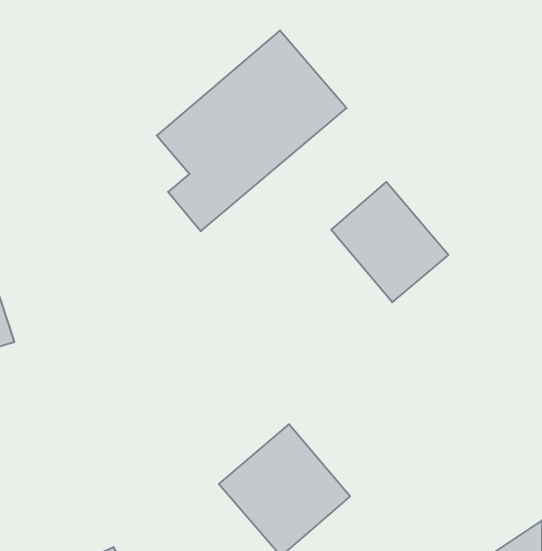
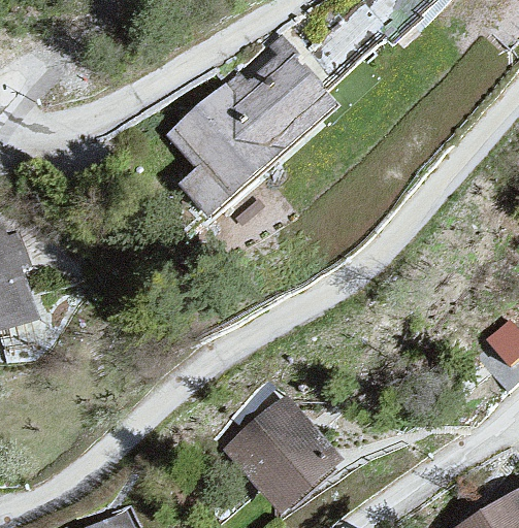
building: [331,182,448,302] -> none

